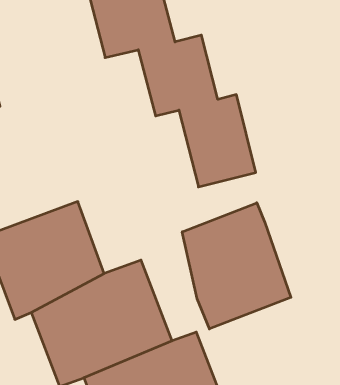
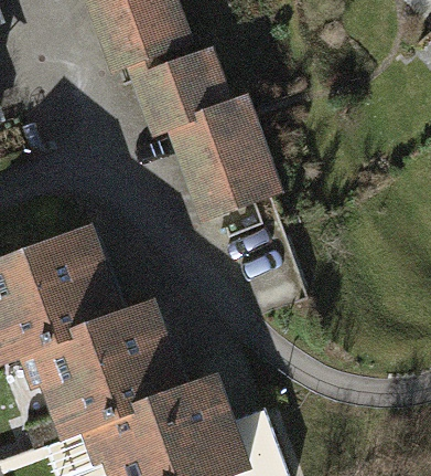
building: [182,203,291,329] -> none

